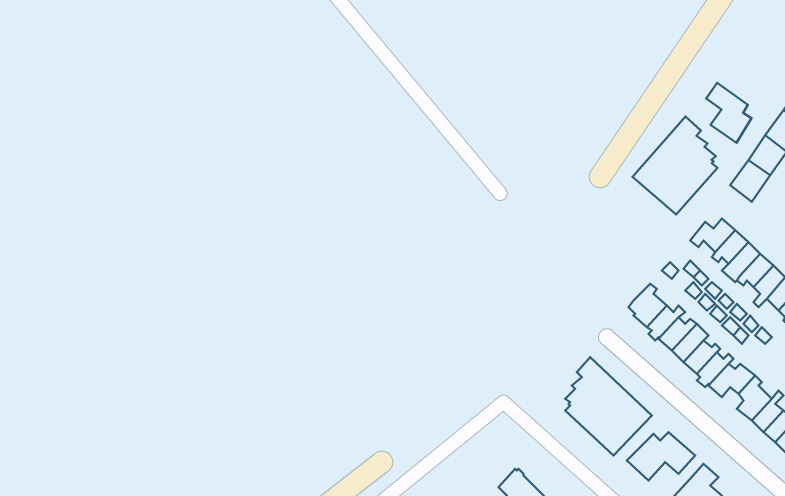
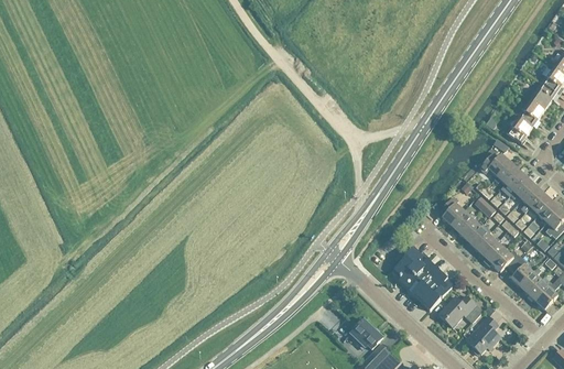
building: [706,83,752,143] -> none
building: [633,116,718,214] -> none

